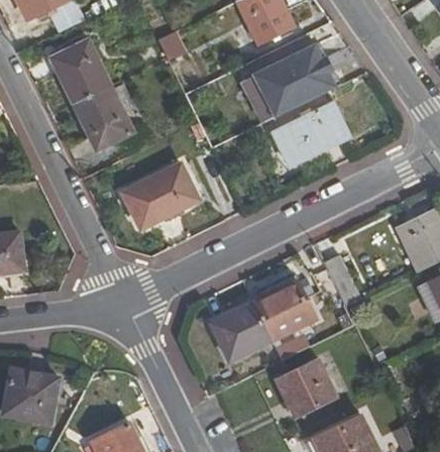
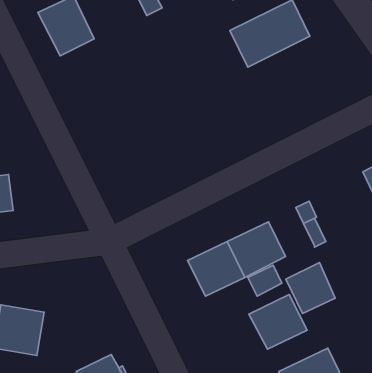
building: [74,86,133,150] -> none
building: [272,106,343,166] -> none
building: [122,164,197,227] -> none
building: none -> [286,262,335,313]

